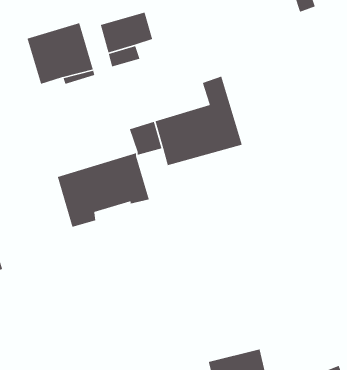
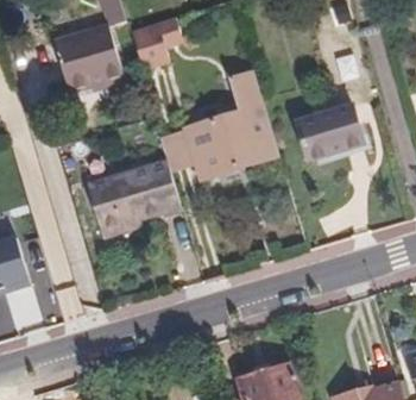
building: none -> [296,102,363,156]

